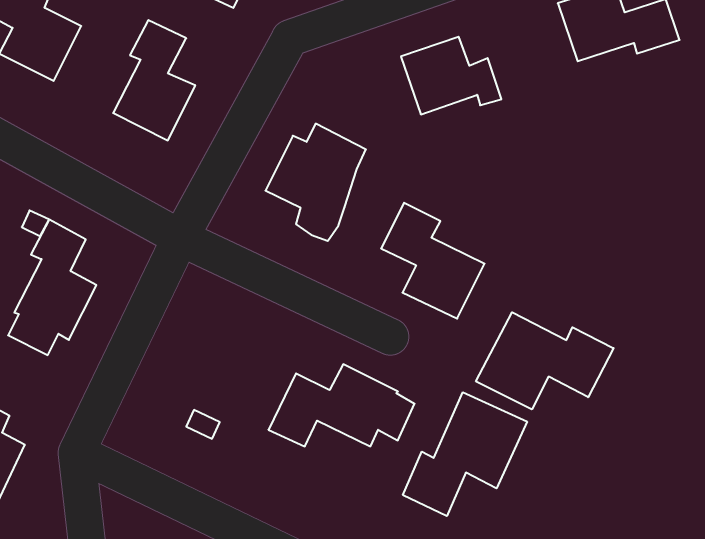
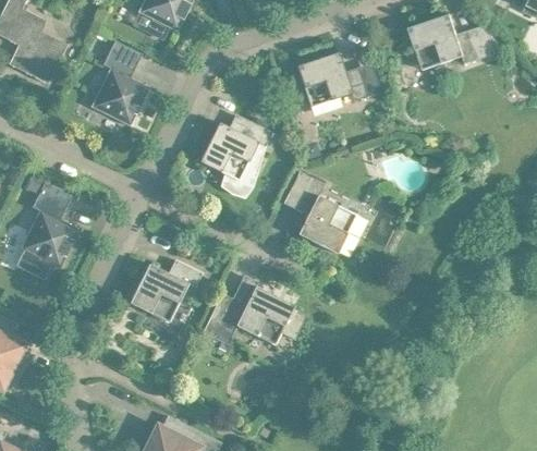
building: [476,312,614,409] -> none
building: none -> [130,259,202,321]
building: [403,392,527,516] -> none

